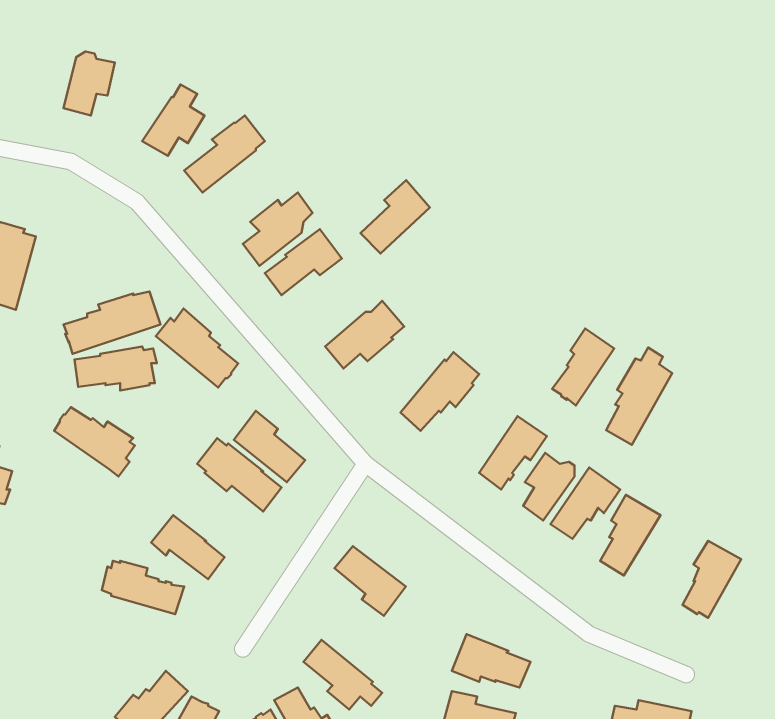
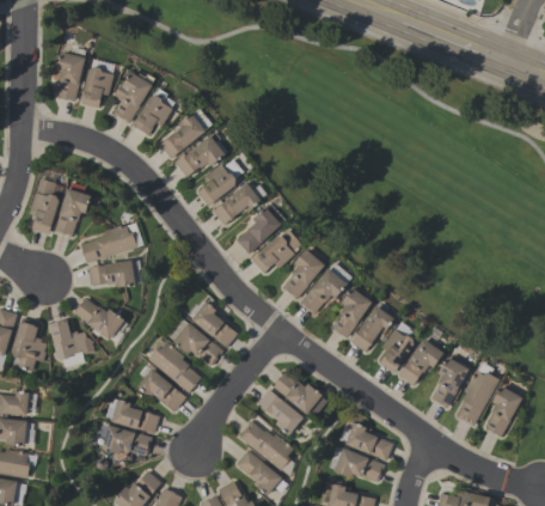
building: none -> [53,50,85,100]
building: none -> [112,71,152,123]
building: none -> [174,134,226,177]
building: [360,180,430,253] -> [235,206,281,254]
building: none -> [54,182,91,237]
building: [156,309,238,387] -> [147,341,201,392]
building: [552,328,614,405] -> [331,287,372,337]
building: none -> [282,249,325,299]
building: [606,348,672,445] -> [455,362,498,426]
building: none -> [49,319,94,366]
building: none -> [272,371,327,416]
building: none -> [238,420,294,475]
building: none -> [345,421,393,459]
building: none -> [94,423,152,461]

